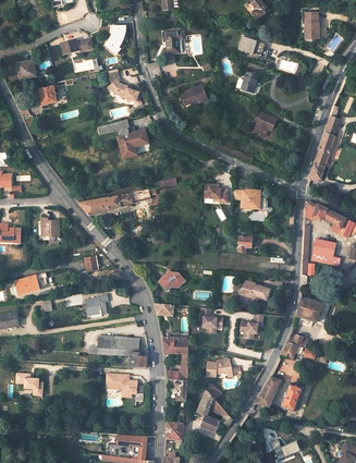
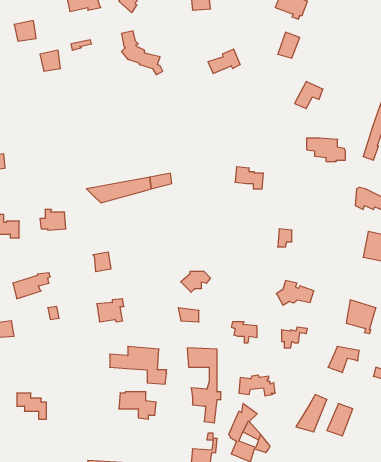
building: [108,119,148,157] -> none
building: [232,188,265,208] -> [307,138,345,161]

